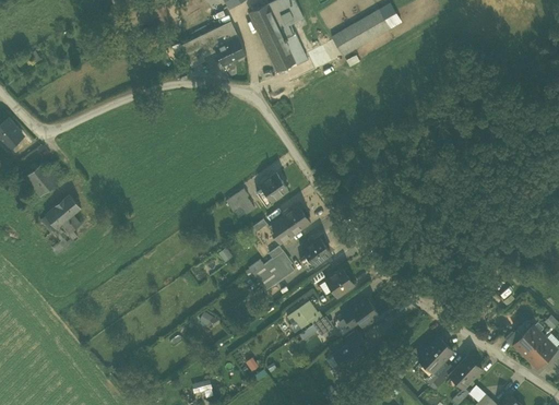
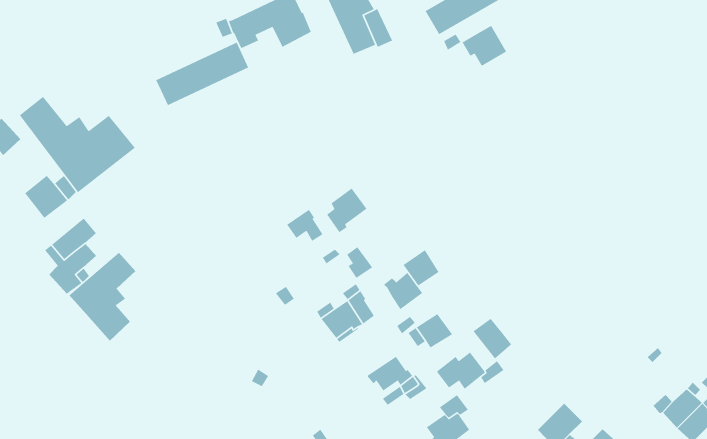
building: none -> [462,25,507,67]
building: none -> [155,41,249,106]
building: none -> [19,96,136,193]
building: [281,205,309,234] -> [403,249,440,286]
building: none -> [68,252,136,342]
building: none -> [472,318,512,360]

